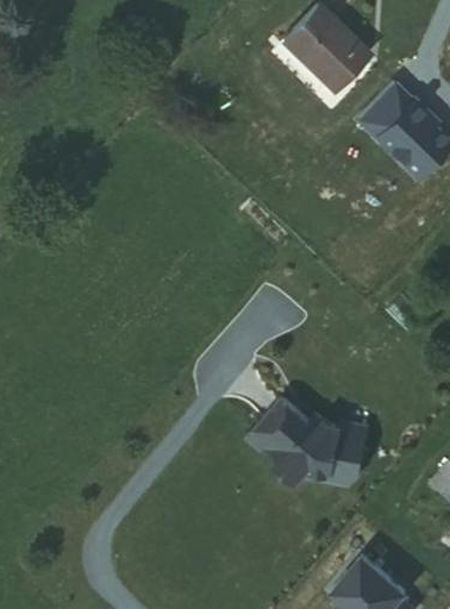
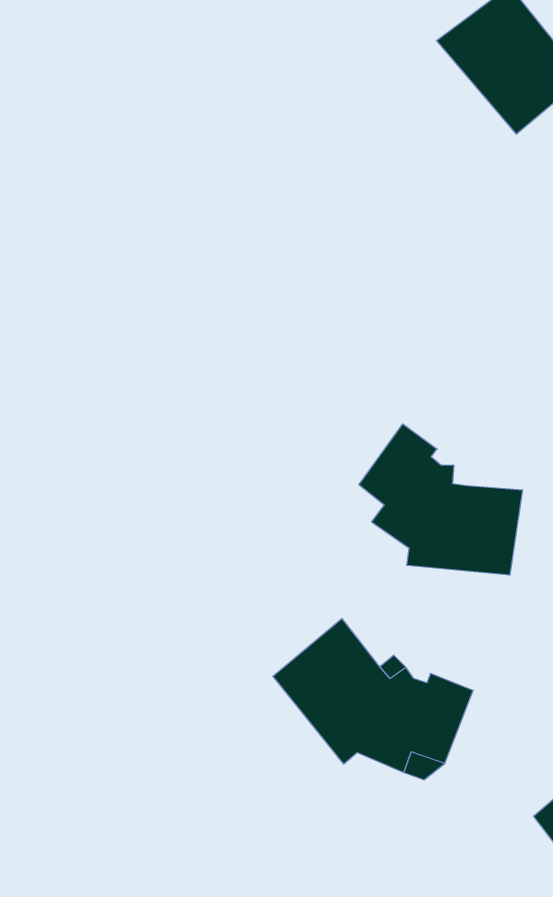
building: none -> [359,424,522,575]

